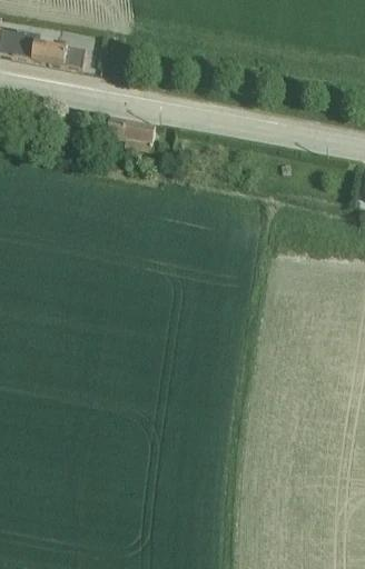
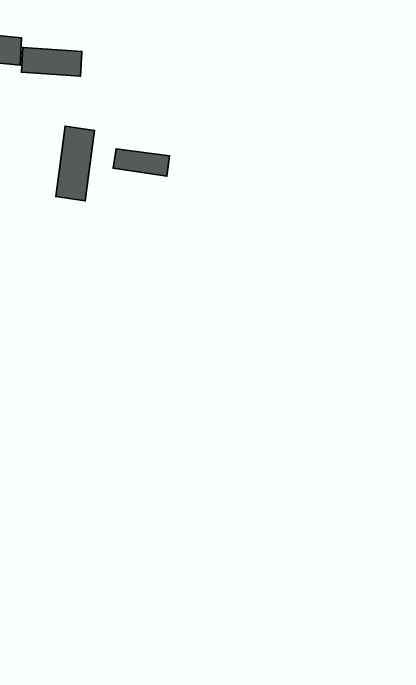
building: none -> [56,126,95,201]

